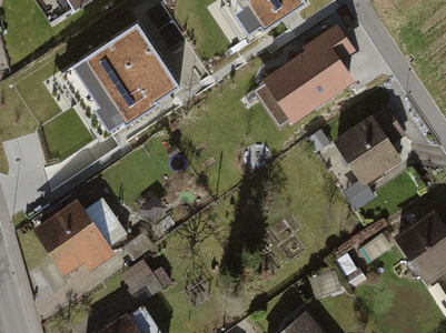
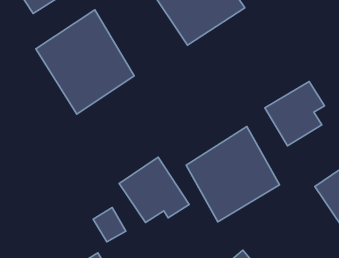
building: [264,16,358,122] -> none
building: none -> [186,127,280,222]
building: [31,195,117,275] -> [119,157,189,223]

